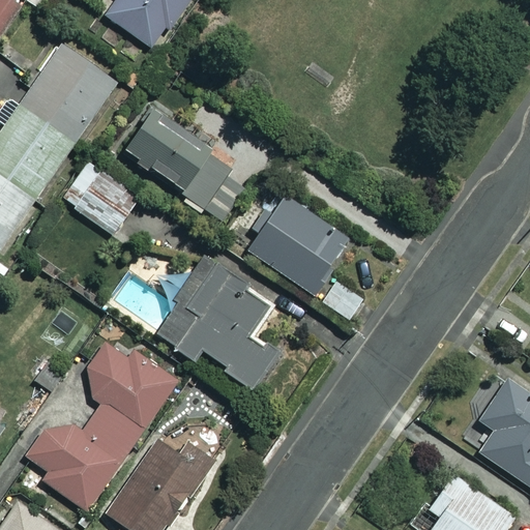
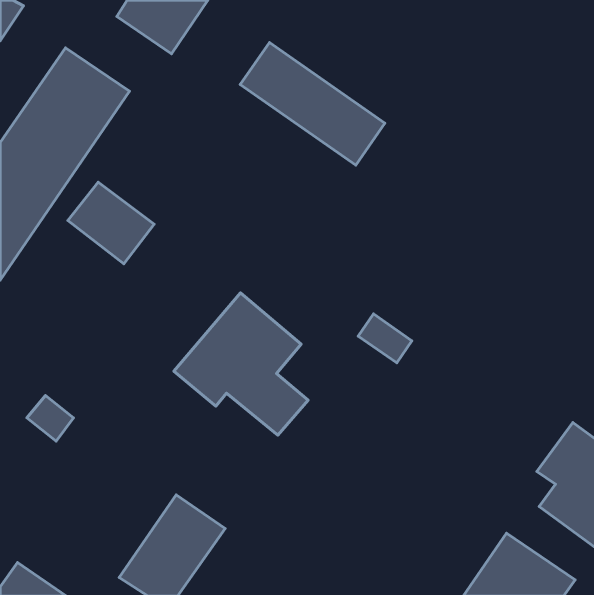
building: [121,111,249,219] -> [240,43,385,165]
building: [247,194,347,291] -> none
building: [24,329,179,510] -> none

